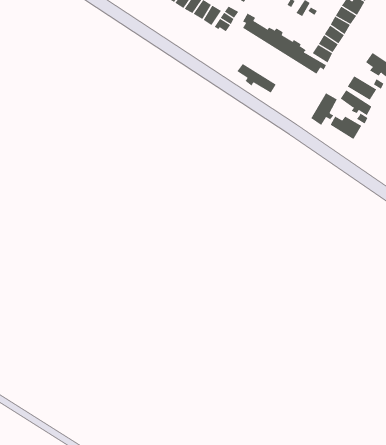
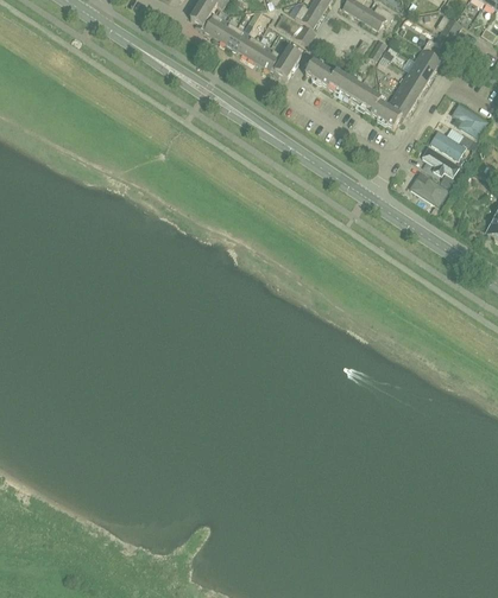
building: [237,63,277,94] -> none
building: [310,92,338,126] -> none

